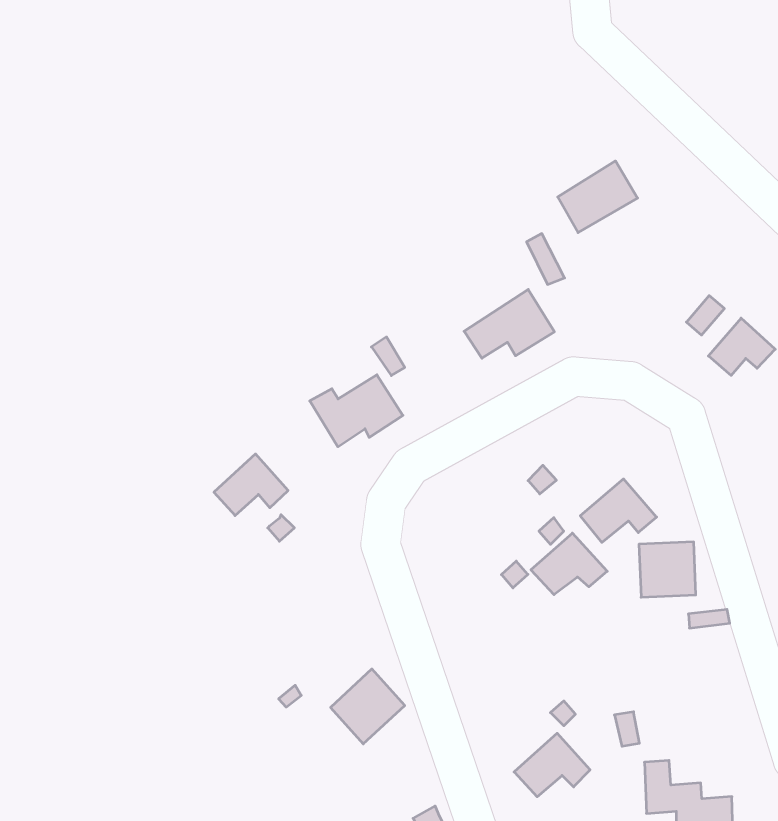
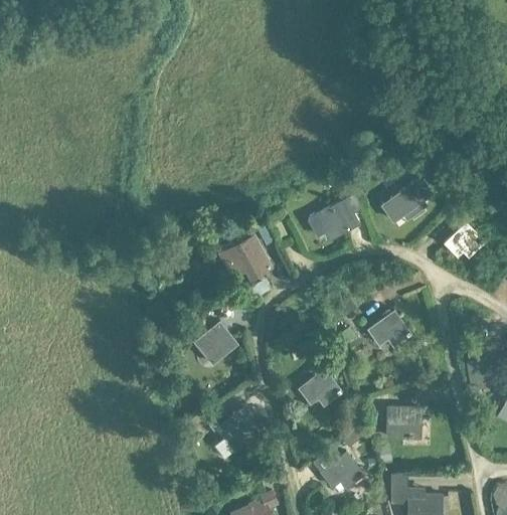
building: [558,161,638,233] -> [382,180,428,219]
building: [214,454,288,516] -> [194,322,236,356]
building: [531,533,607,595] -> [298,370,341,404]
building: [639,542,696,597] -> [388,408,420,440]

